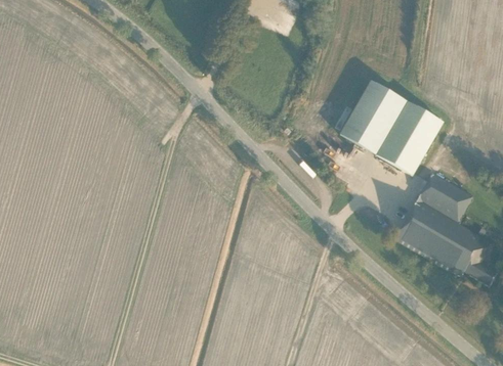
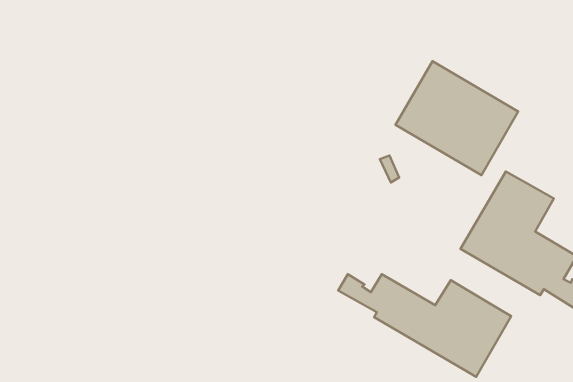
building: none -> [338,274,511,377]

